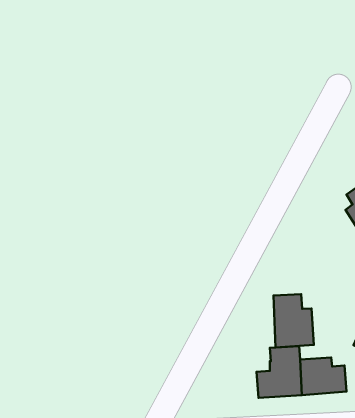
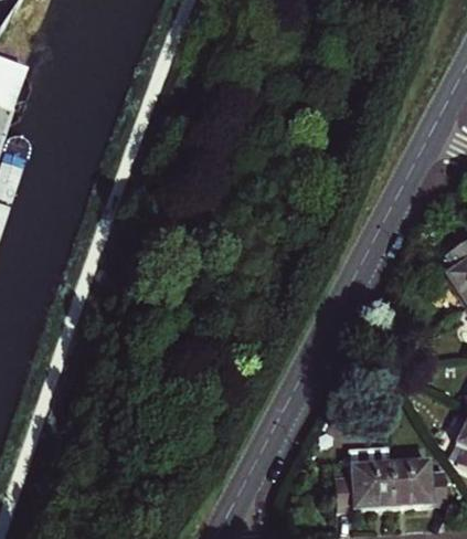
building: [274,294,314,347] -> none

